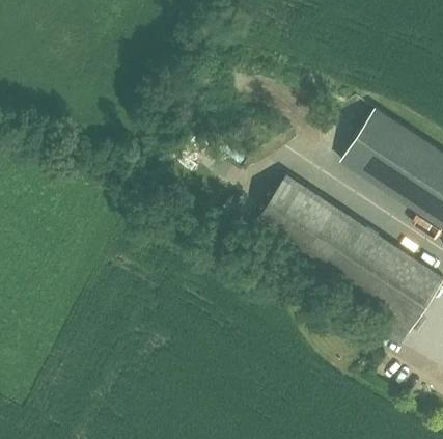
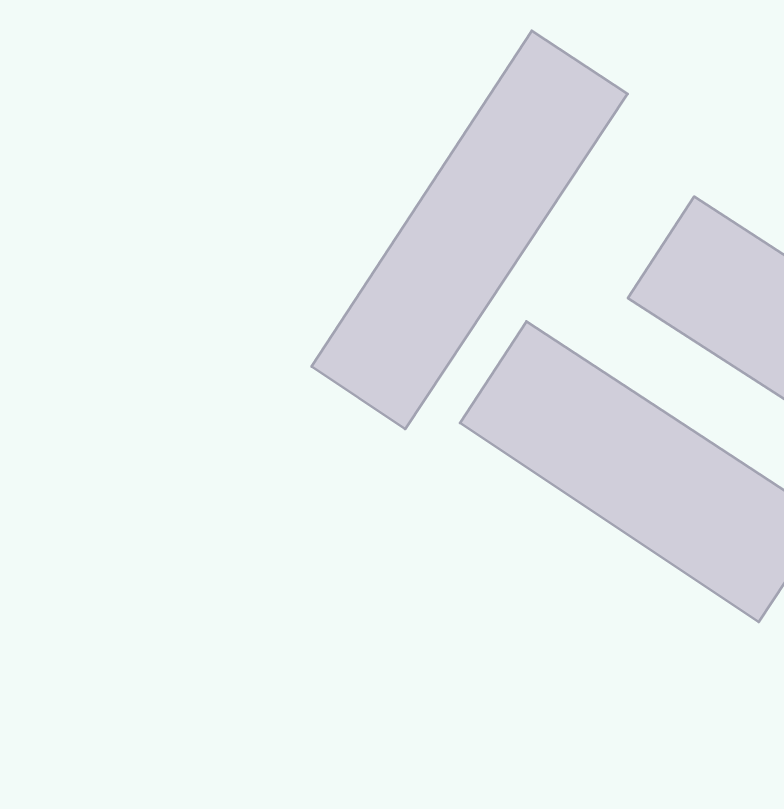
building: none -> [312,31,628,429]

